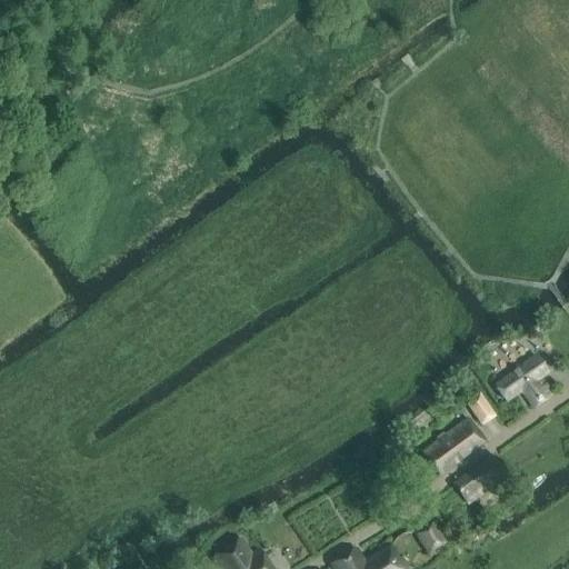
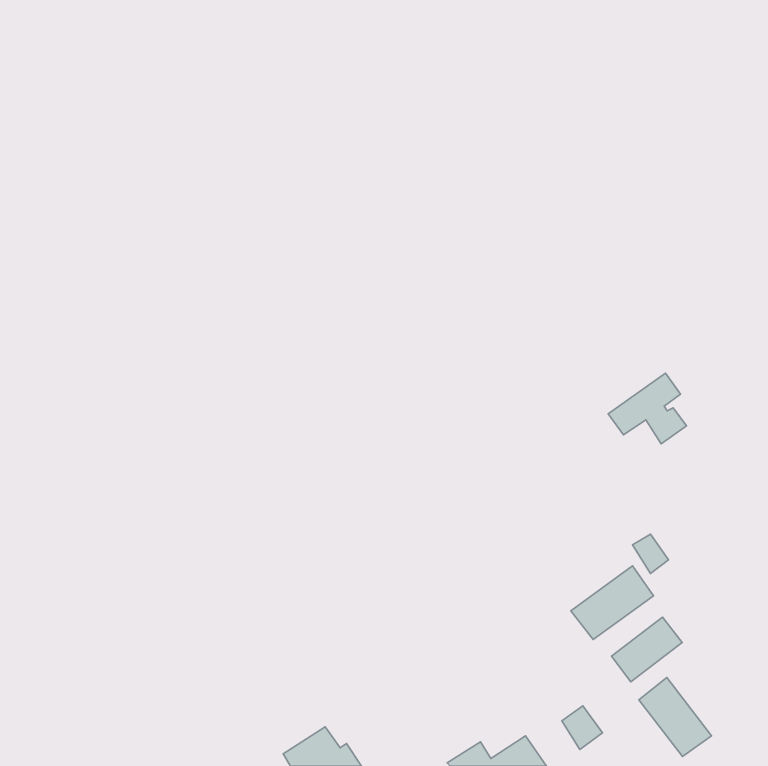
building: [492,355,550,407] -> [608,373,687,444]
building: none -> [639,677,712,756]

